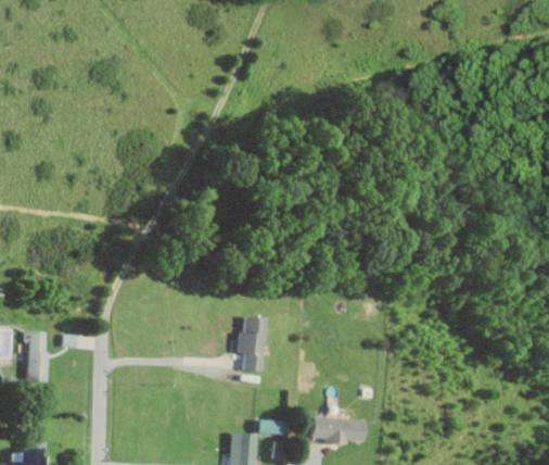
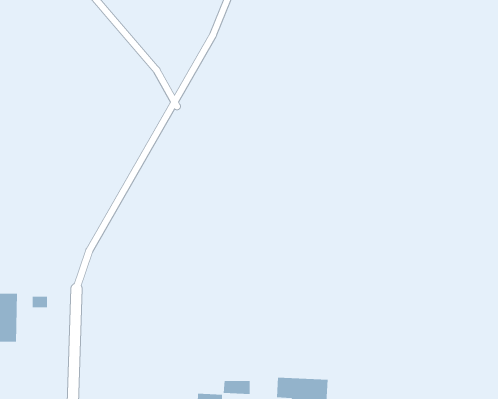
building: [238,317,265,372] -> none

